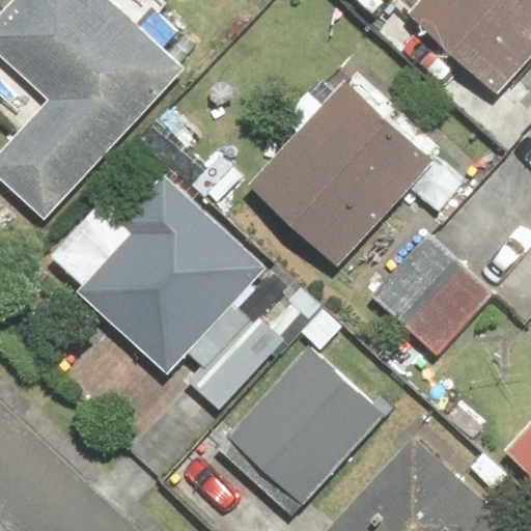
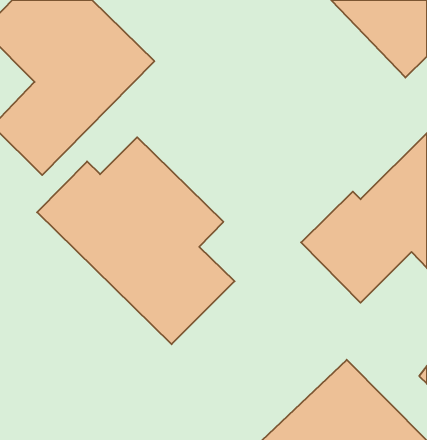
building: [256,85,425,253] -> none
building: [222,308,385,508] -> none

